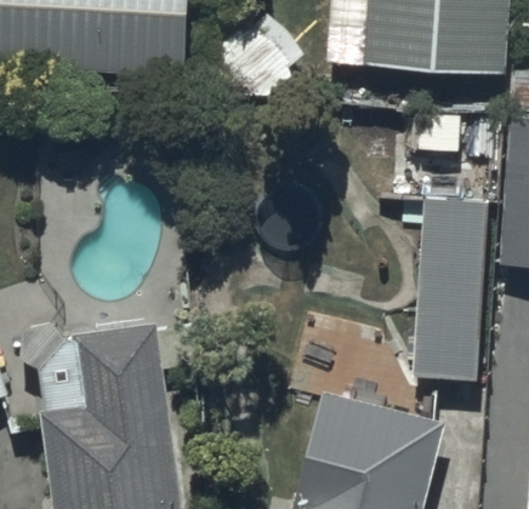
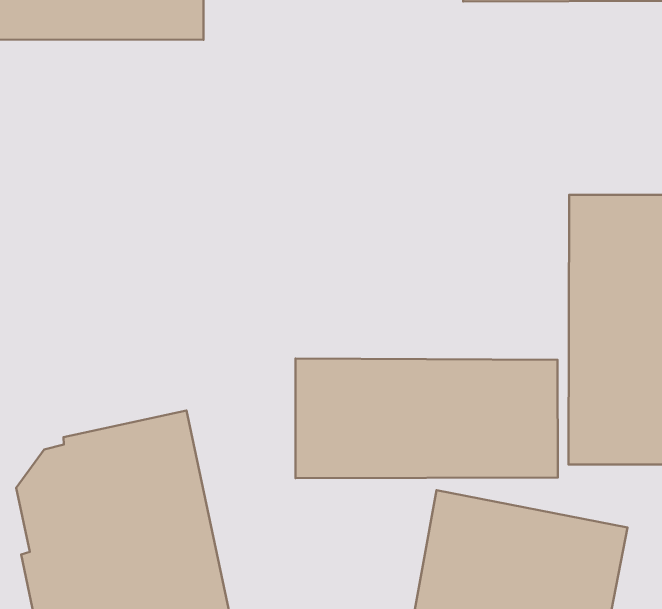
building: none -> [296,359,558,478]

